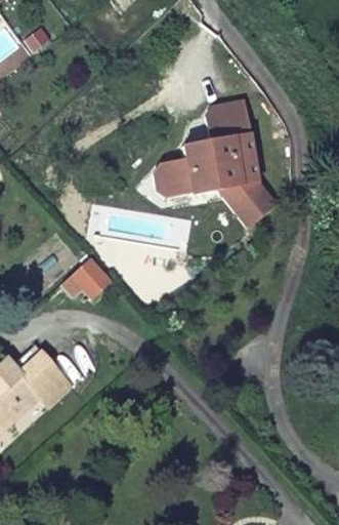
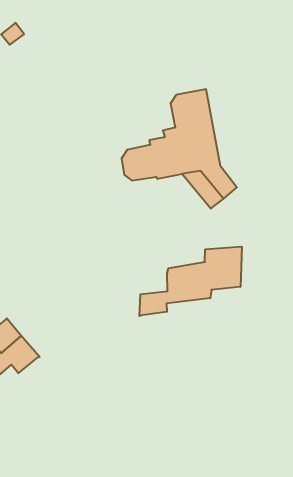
building: [70,258,109,299] -> none
building: none -> [140,247,242,316]

